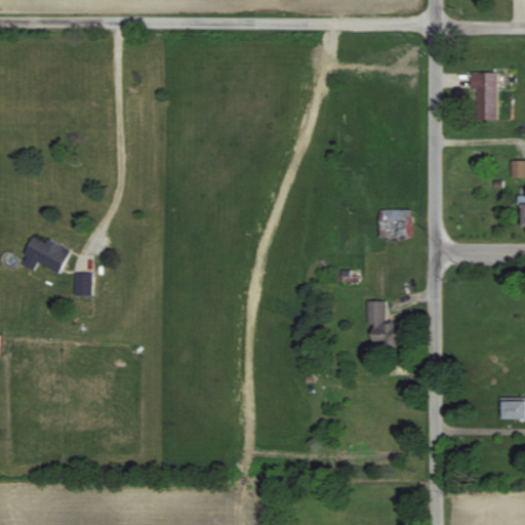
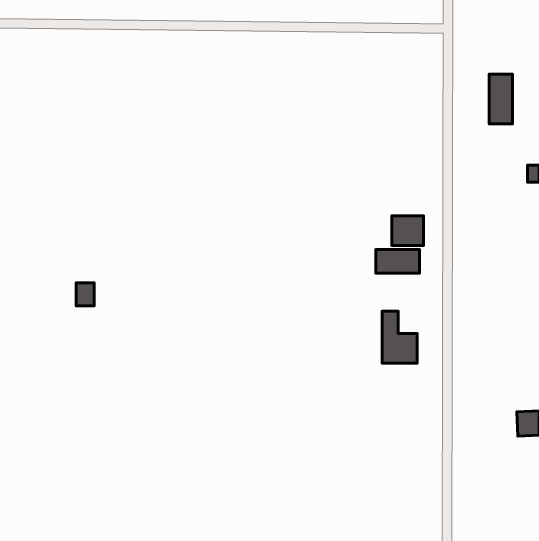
building: [19,234,69,273] -> none
building: none -> [376,250,419,273]

